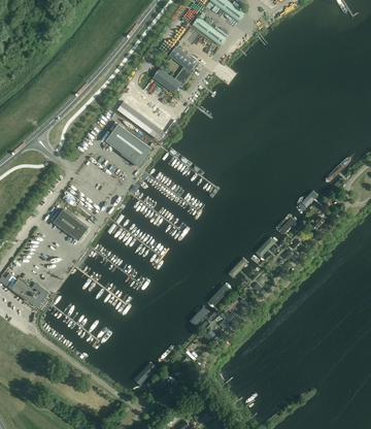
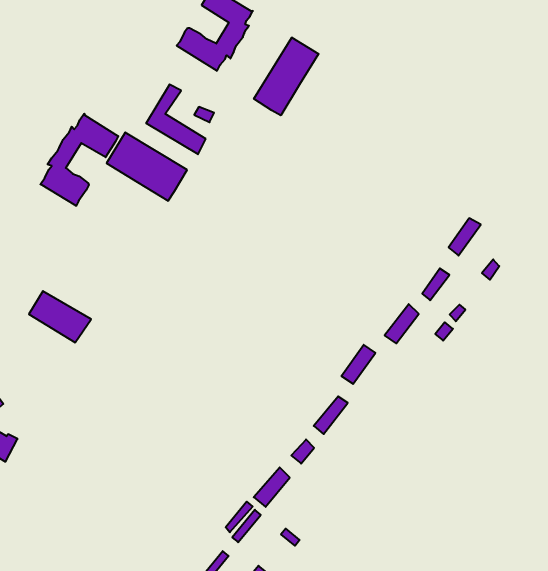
building: none -> [254,37,319,115]
building: none -> [40,114,118,206]

